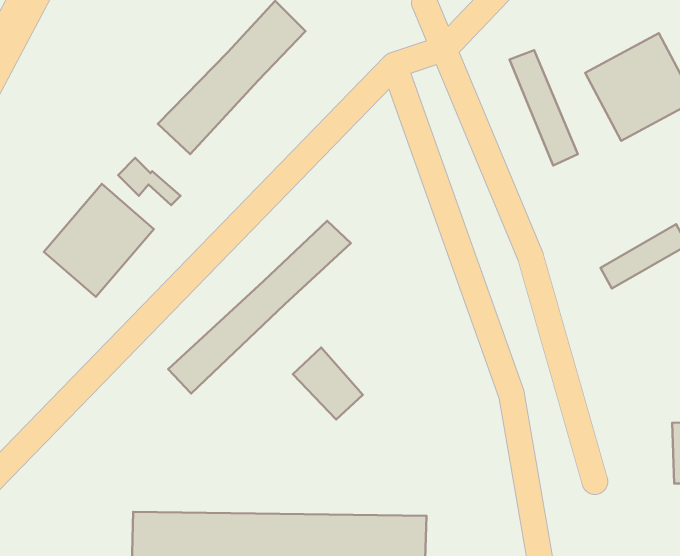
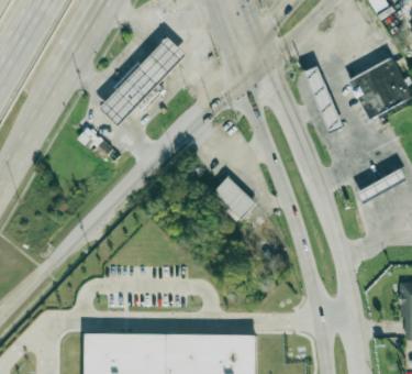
building: [44,184,154,297] -> none
building: [168,221,351,394] -> none
building: [293,348,363,420] -> [212,176,253,218]

